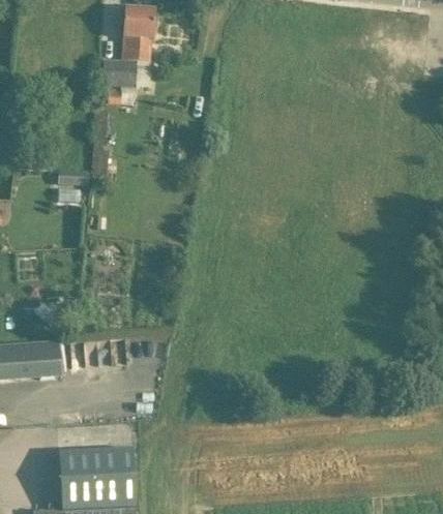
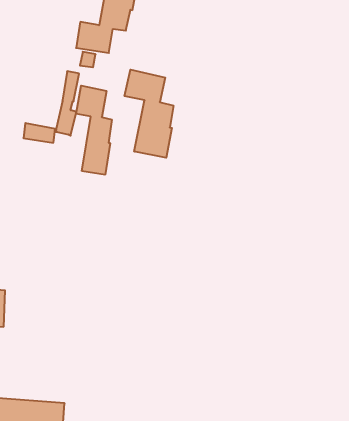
building: none -> [125,70,173,158]
building: none -> [76,86,112,175]

